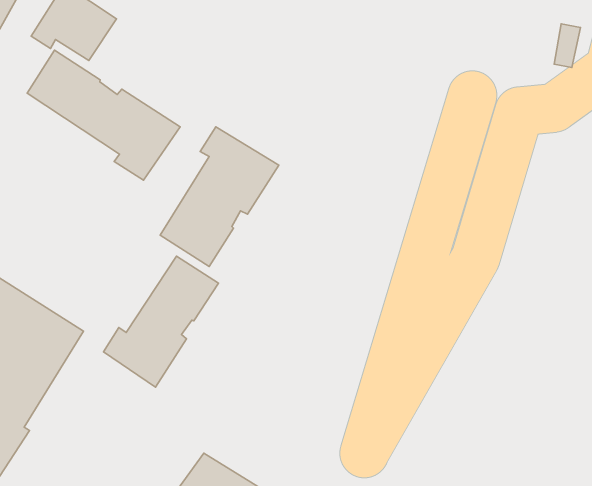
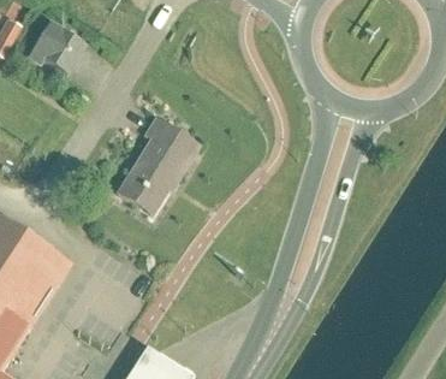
building: [27,50,180,180] -> none
building: [103,256,218,387] -> none

